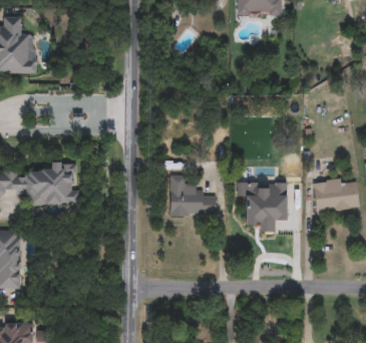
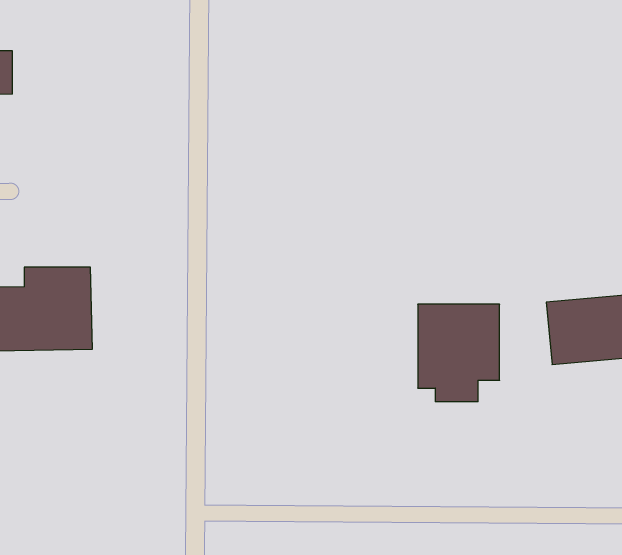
building: [169,176,217,216] -> none

